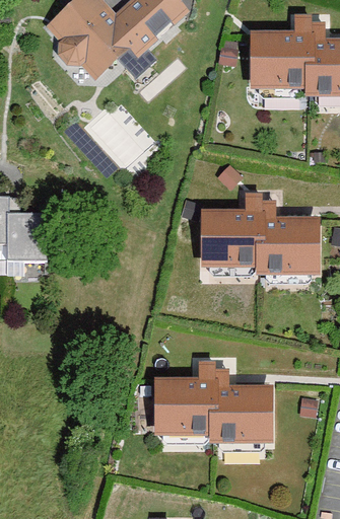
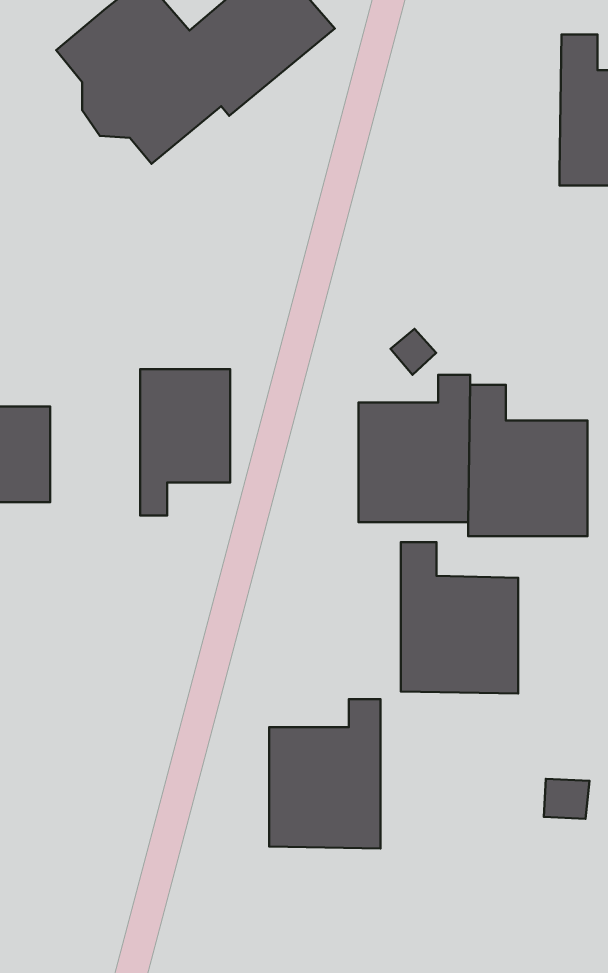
building: [248,15,304,90] -> none
building: none -> [140,369,230,515]
building: [212,365,272,442] -> [401,542,518,693]

